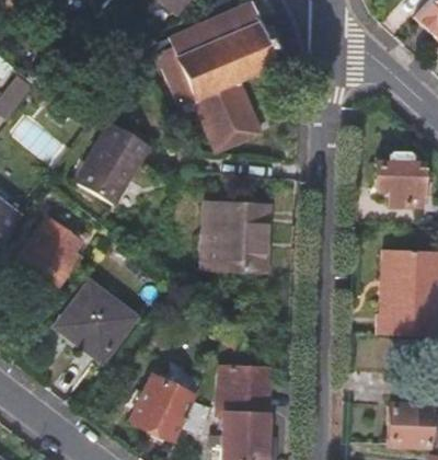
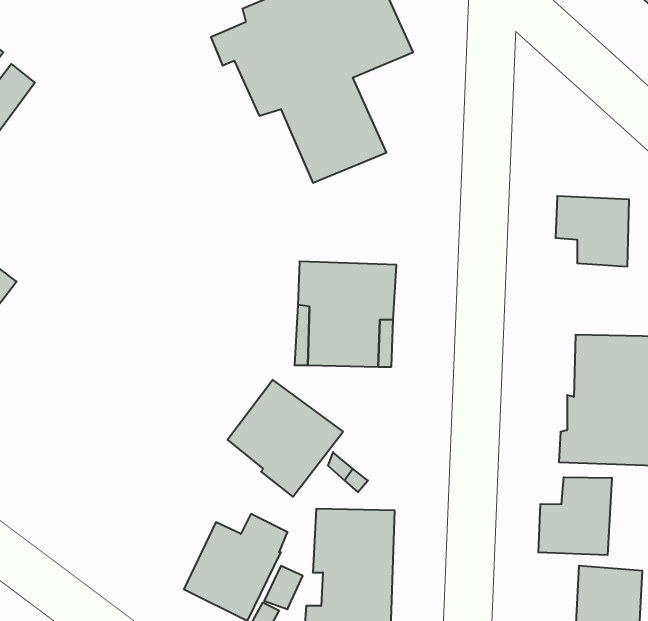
building: [74,122,148,204] -> none
building: [19,215,81,284] -> none
building: [59,283,135,359] -> [228,380,343,497]
building: none -> [538,477,612,555]

